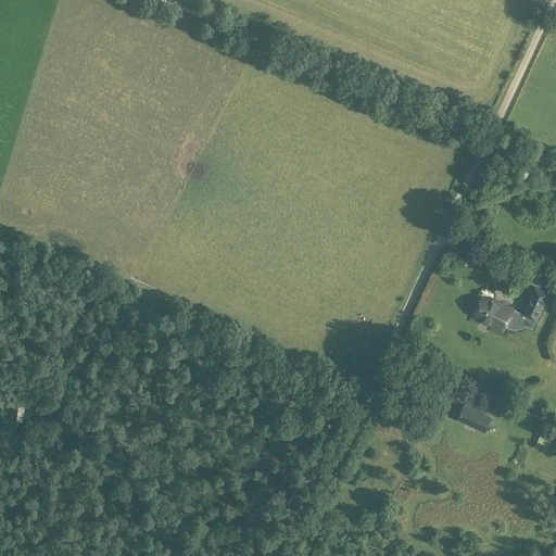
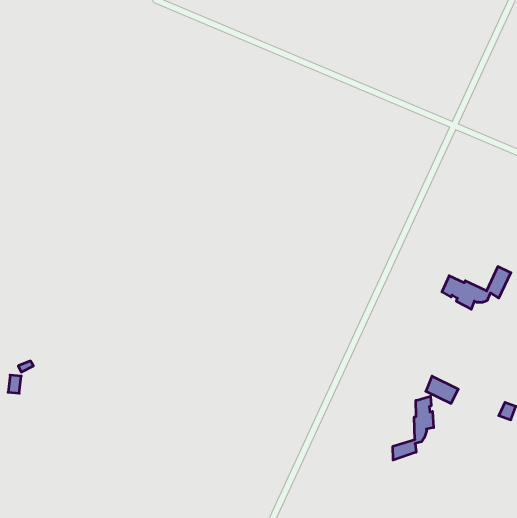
building: none -> [393,396,434,460]

